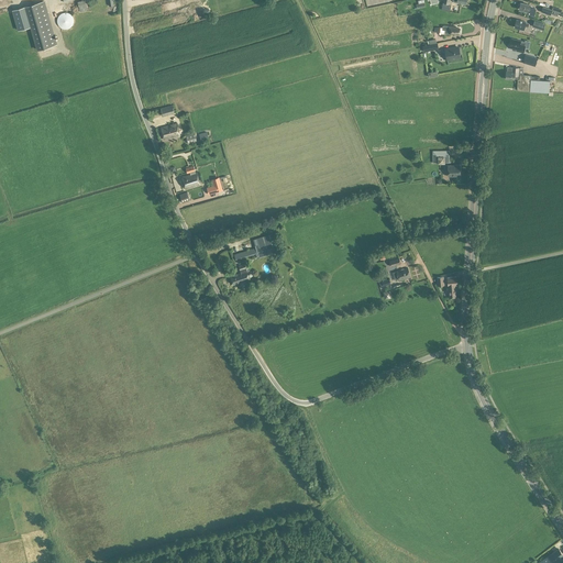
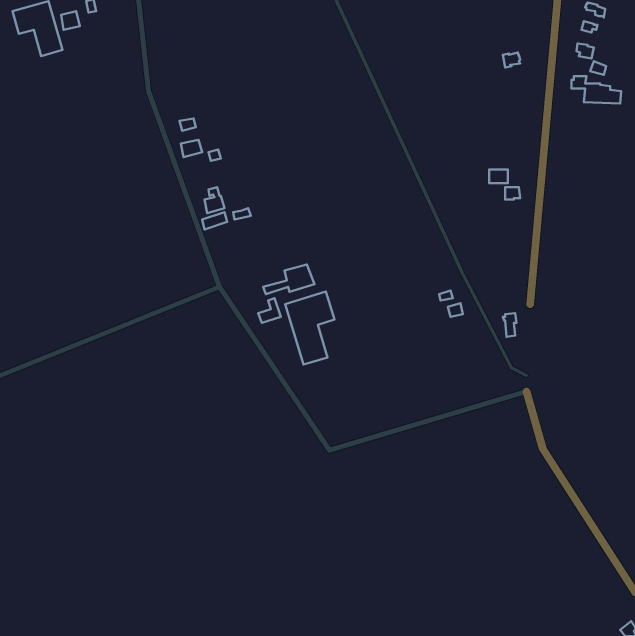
building: none -> [285,292,334,364]

